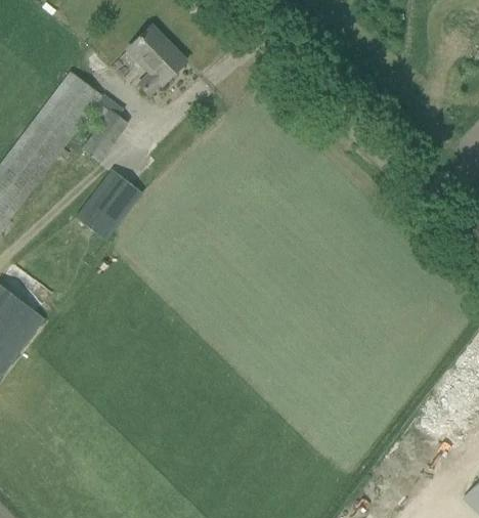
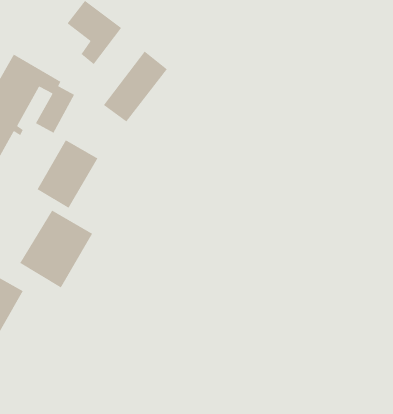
building: none -> [103,51,168,123]
building: none -> [19,210,93,288]

